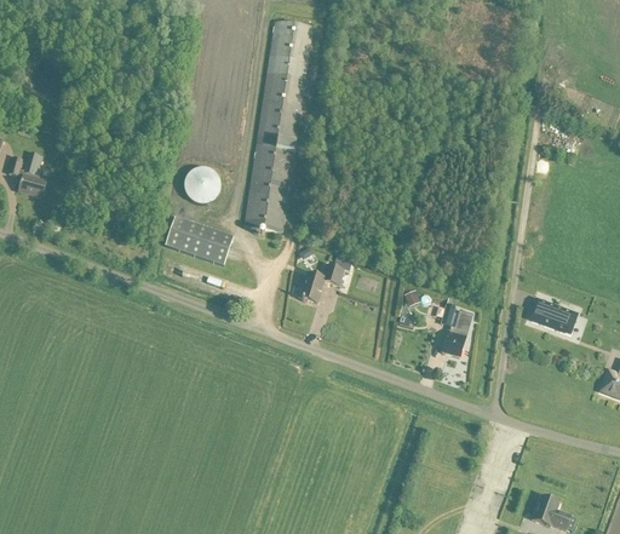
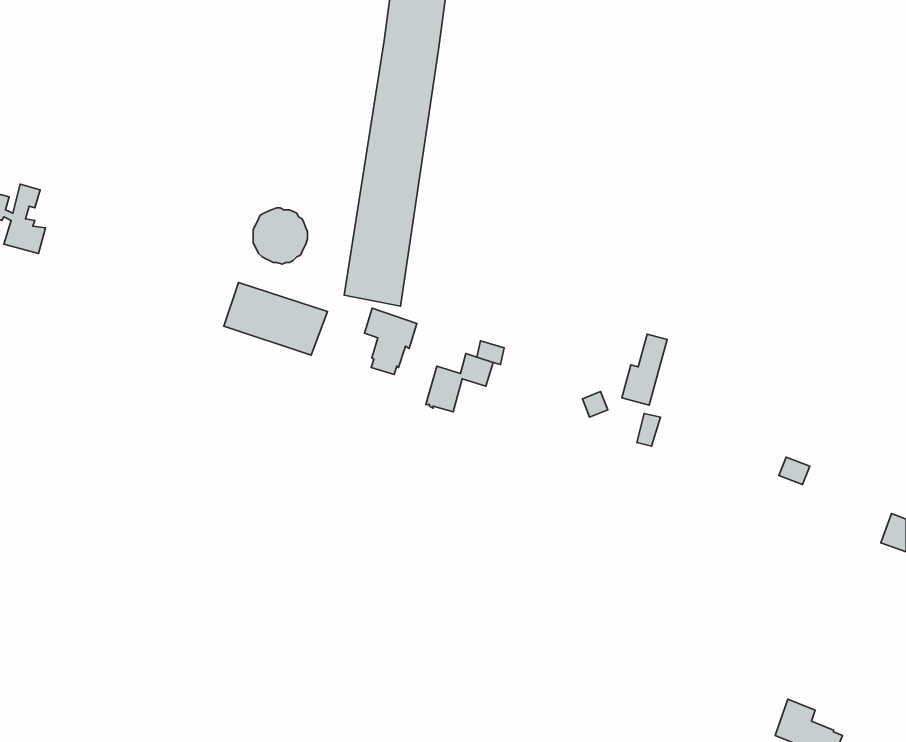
building: none -> [364,308,417,374]
building: [530,299,574,332] -> none
building: [441,310,471,357] -> [622,334,667,405]

